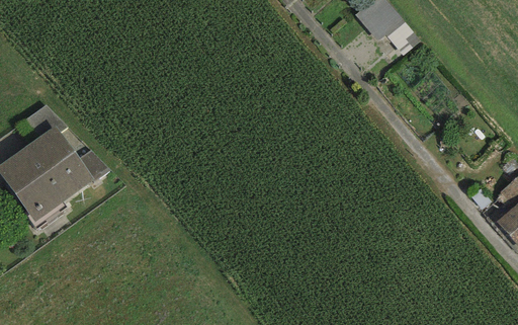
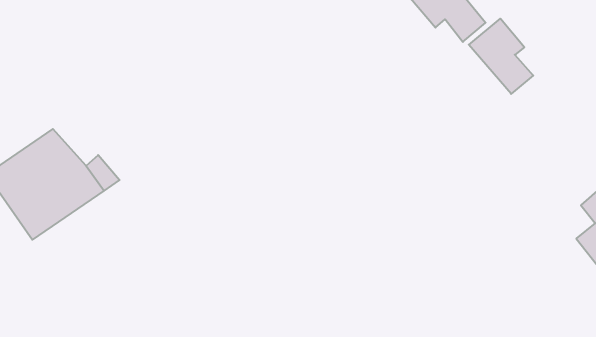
building: none -> [469,19,533,94]

